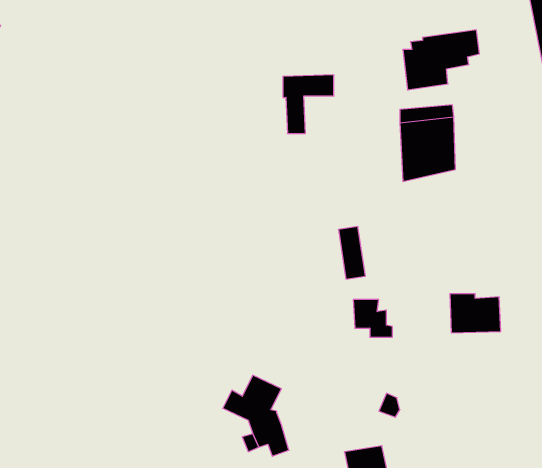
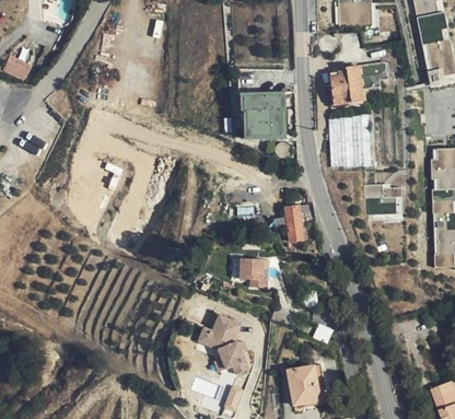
building: none -> [258,109,282,137]
building: [450,294,501,333] -> [365,184,402,212]
building: [353,300,392,337] -> [236,260,265,288]

